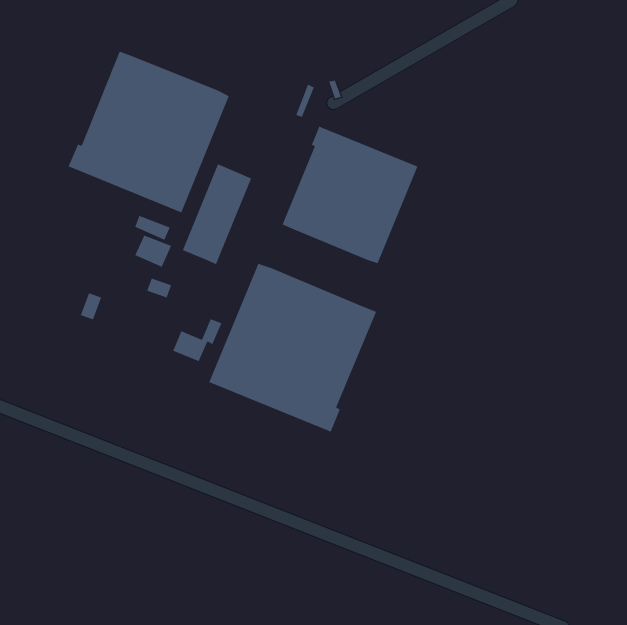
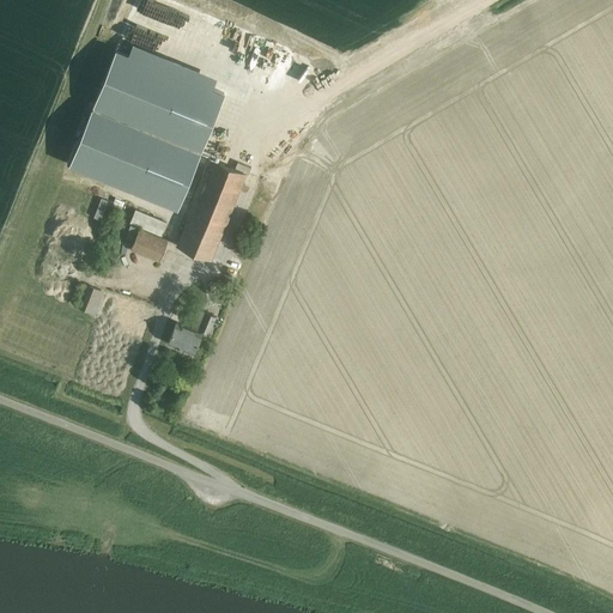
building: [281,125,418,264] -> none
building: [208,263,377,433] -> none

